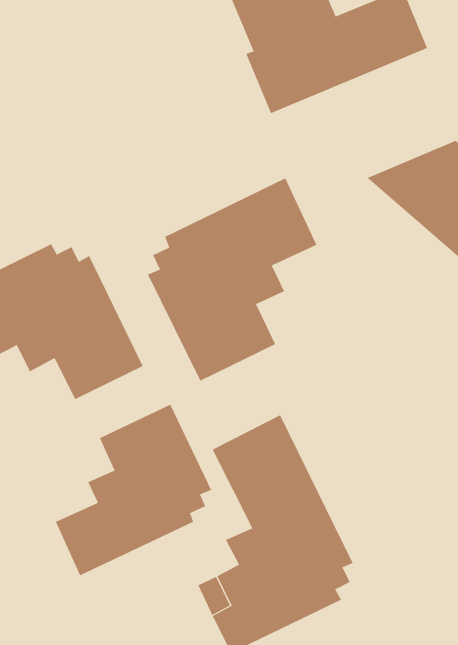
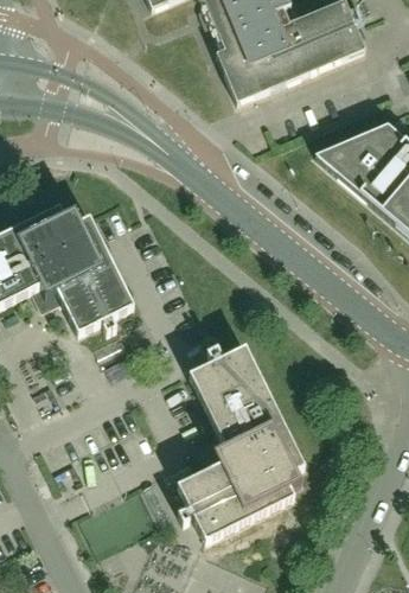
building: [147,178,317,381] -> none
building: [55,404,212,576] -> none

